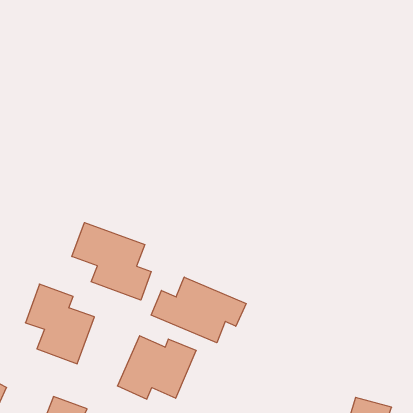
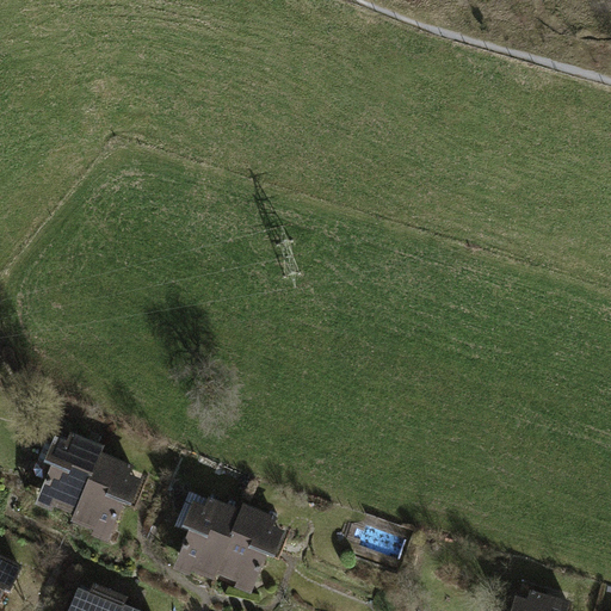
building: [72,223,151,300] -> none
building: [151,277,246,343] -> none

